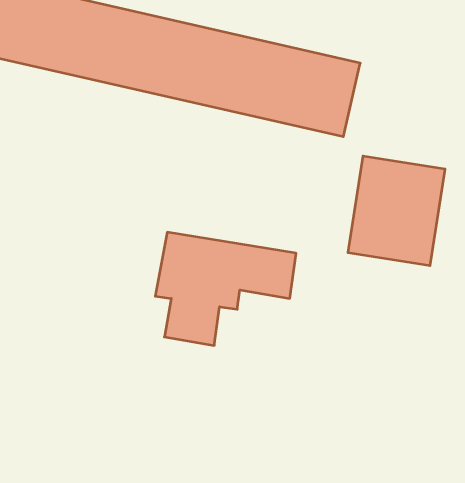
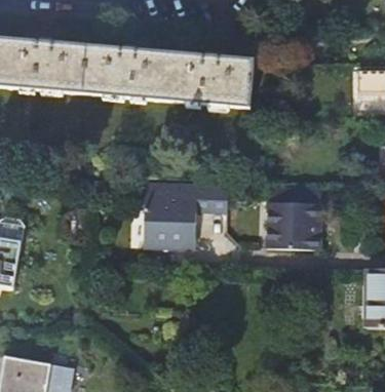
building: [348,156,445,266] -> [267,187,320,249]

